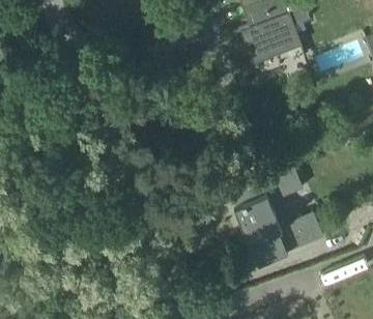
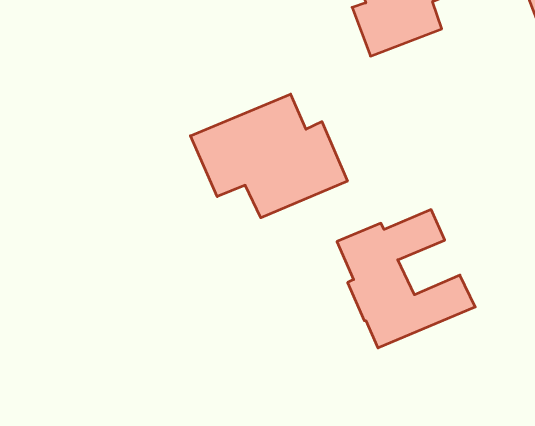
building: none -> [190,94,347,218]

